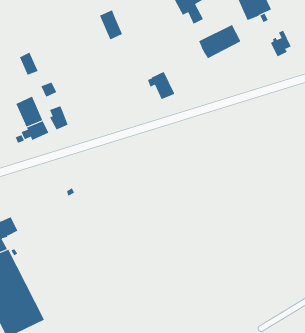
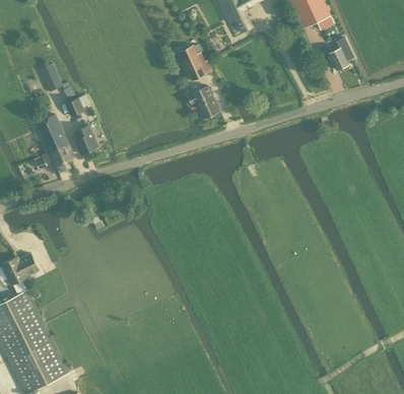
building: [99,9,123,40] -> [178,46,205,81]
building: [198,24,241,59] -> none

